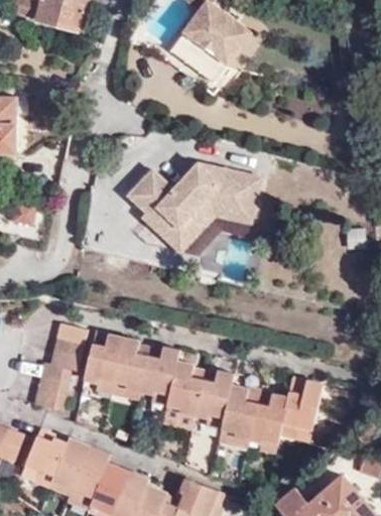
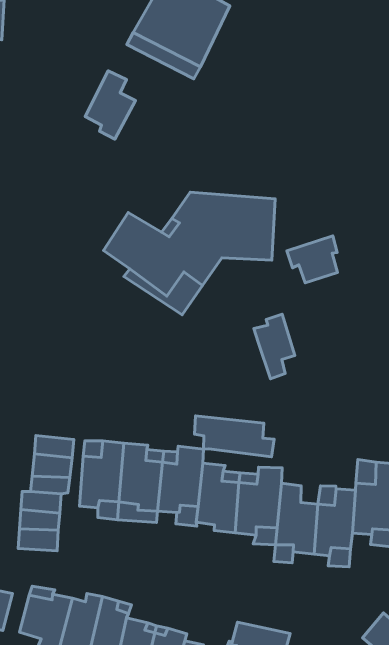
building: none -> [85,71,135,139]
building: none -> [287,236,338,283]
building: none -> [254,314,295,379]
building: none -> [194,416,274,457]

